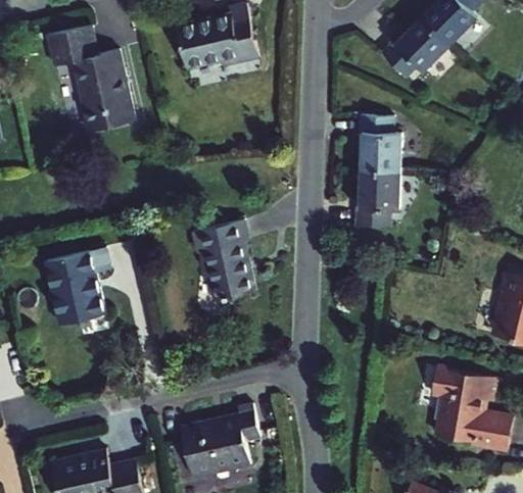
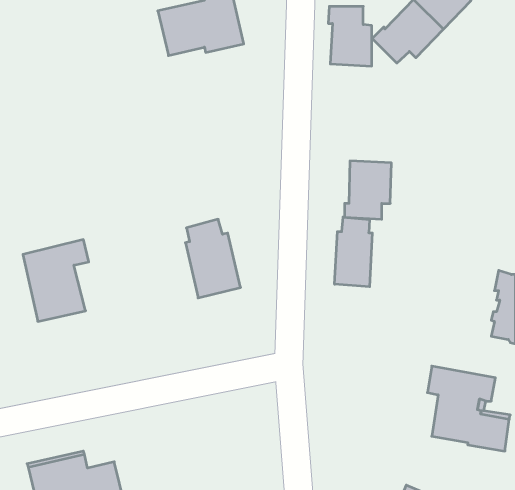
building: [46,24,133,131] -> none
building: [358,115,399,172] -> [328,6,372,66]
building: none -> [335,217,372,287]
building: [180,404,259,478] -> none

